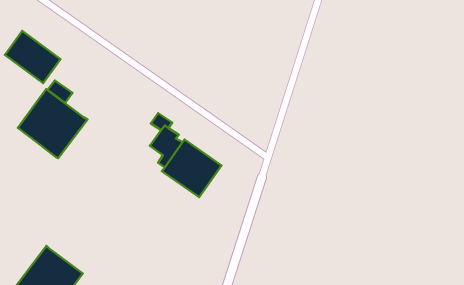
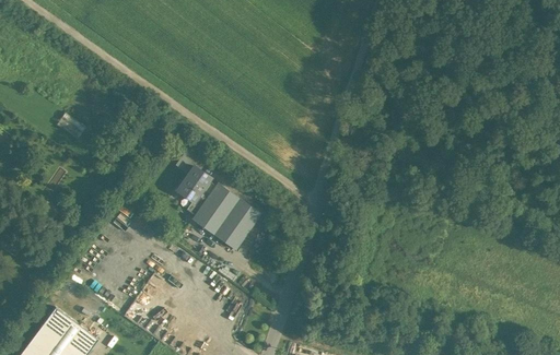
building: [5,31,61,83] -> none
building: [18,89,87,158] -> none

